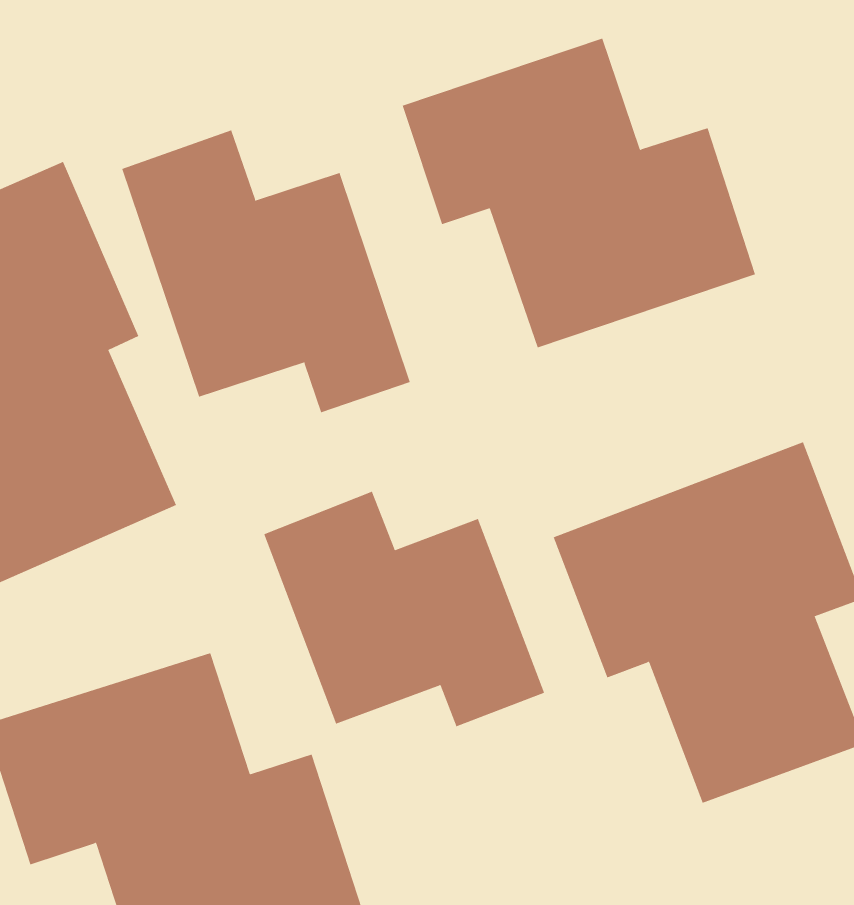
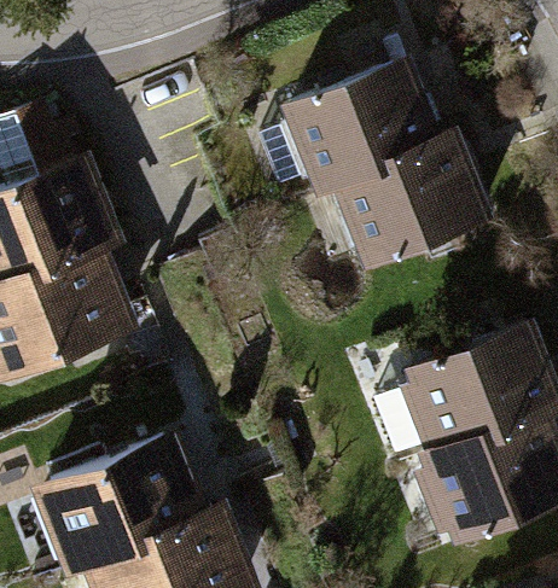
building: [122,130,411,413] -> none
building: [263,491,545,727] -> none

